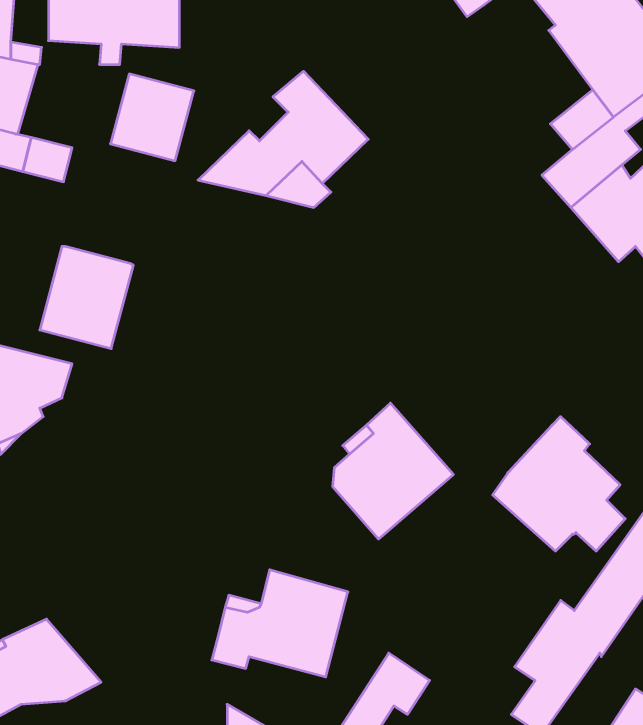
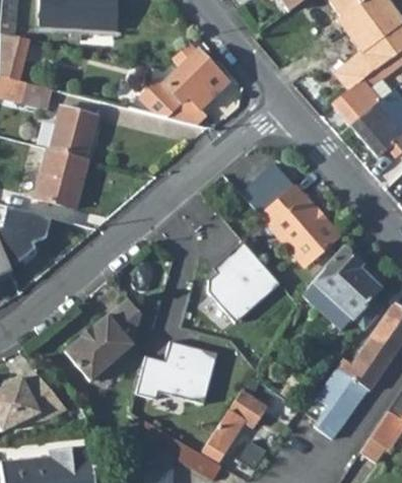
building: [110,74,194,161] -> [49,106,98,157]
building: none -> [242,163,339,265]
building: none -> [65,298,141,381]

